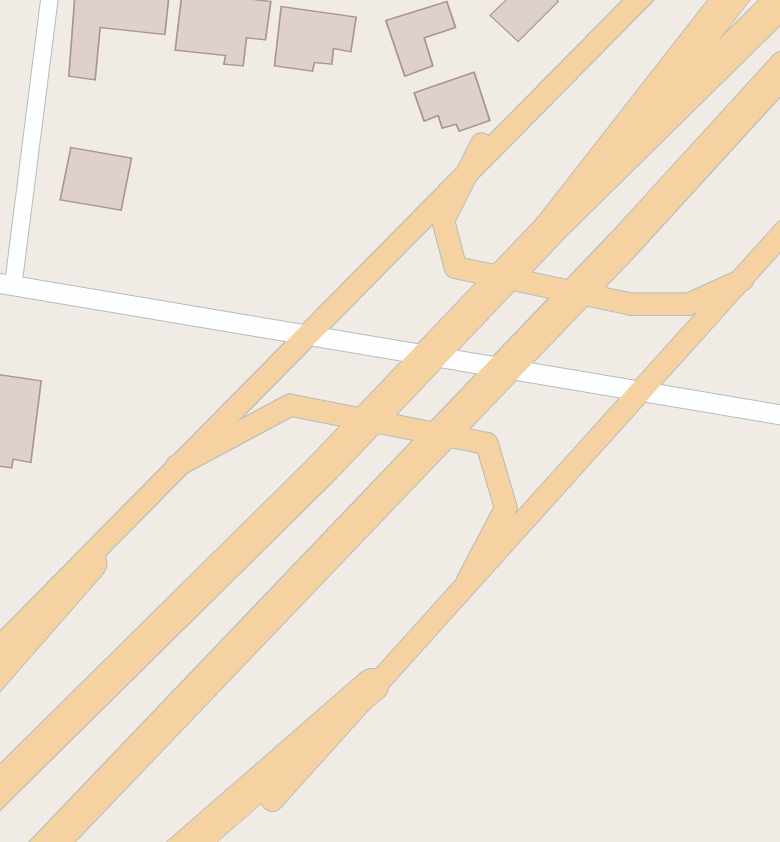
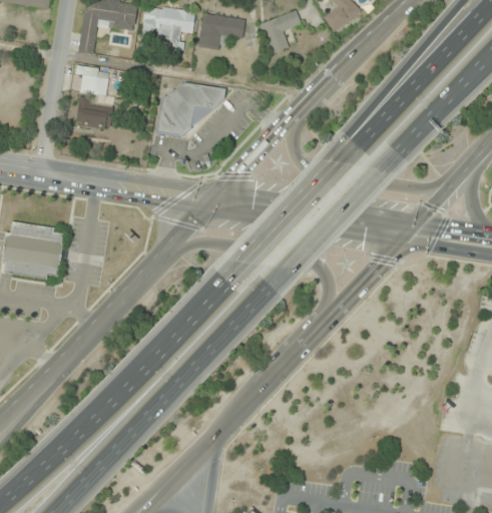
building: [414,72,490,131] -> none
building: none -> [76,67,120,95]
building: none -> [156,81,223,137]

